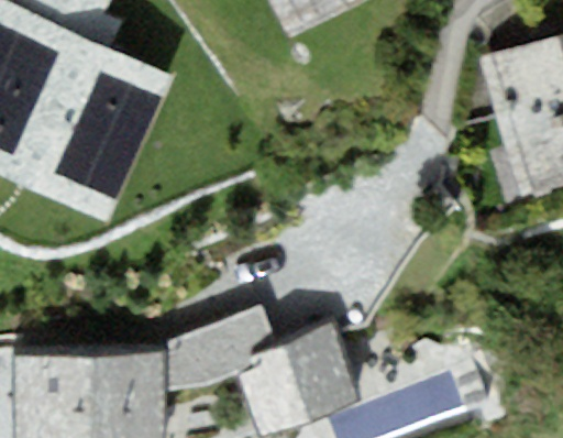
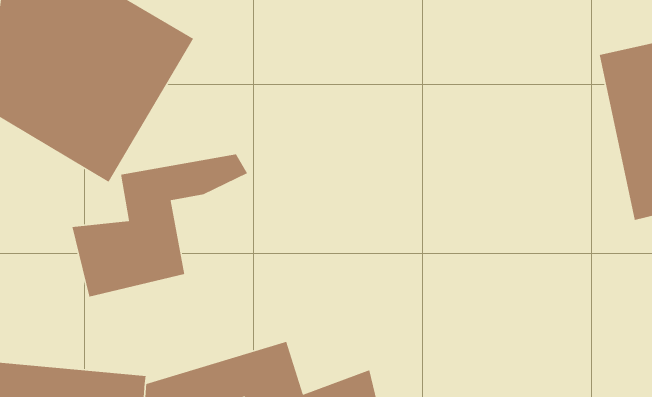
building: none -> [72,154,248,298]

